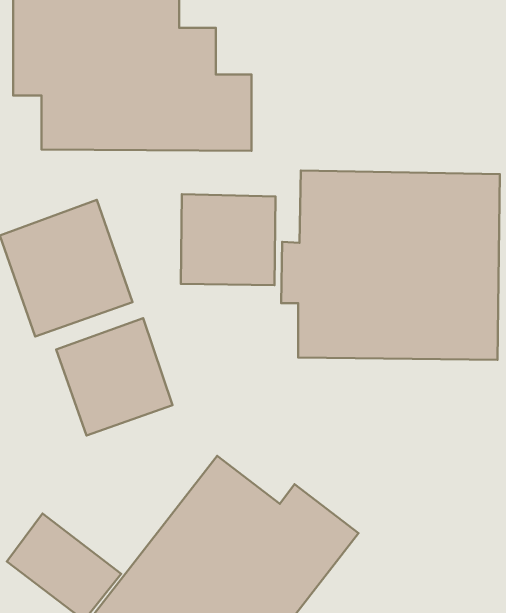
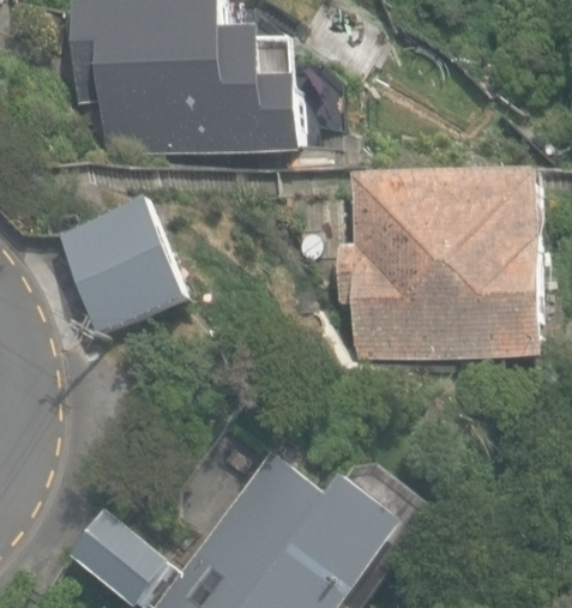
building: [181,194,276,285] -> none
building: [56,318,173,435] -> none

